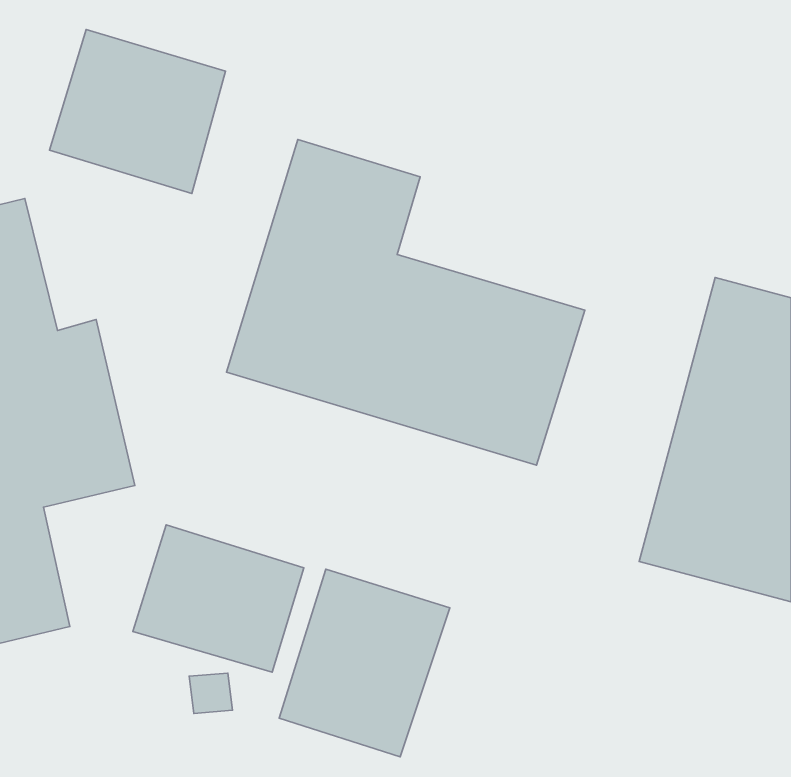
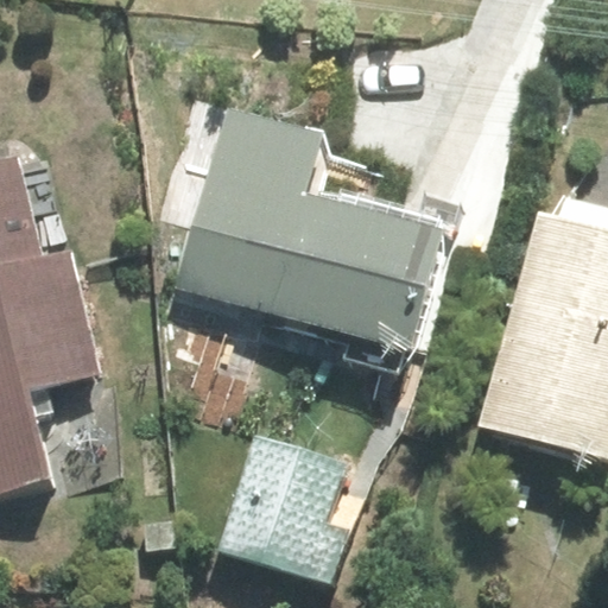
building: [50,30,225,193] -> none
building: [133,525,304,672] -> none

